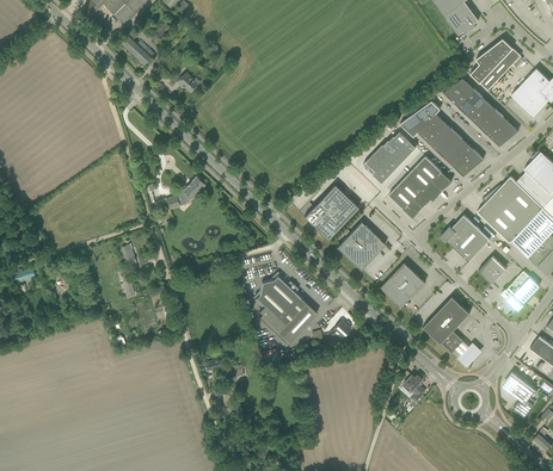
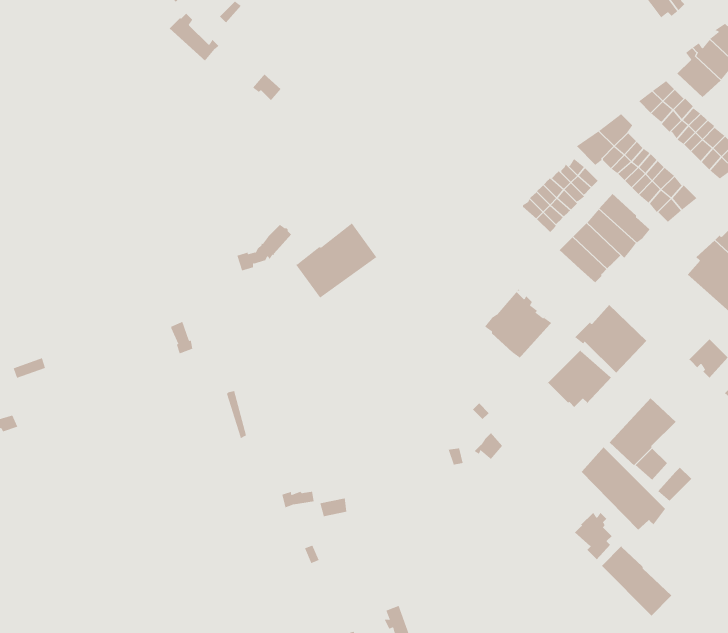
building: none -> [295,223,377,299]
building: [300,185,358,240] -> none
building: [440,215,490,262] -> [574,304,647,374]
building: [257,277,317,345] -> none
building: none -> [580,447,666,530]
building: none -> [601,545,672,616]

